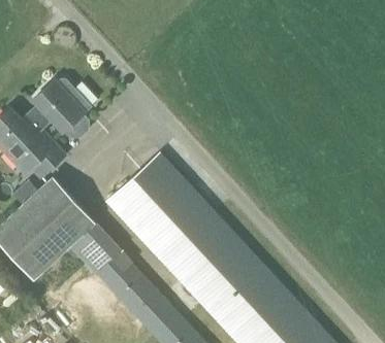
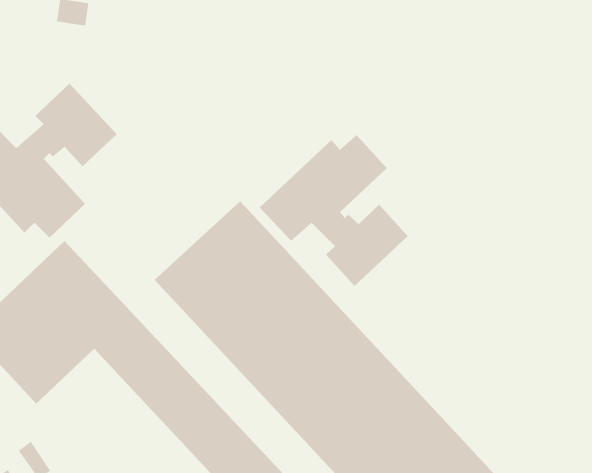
building: none -> [259,134,409,287]

